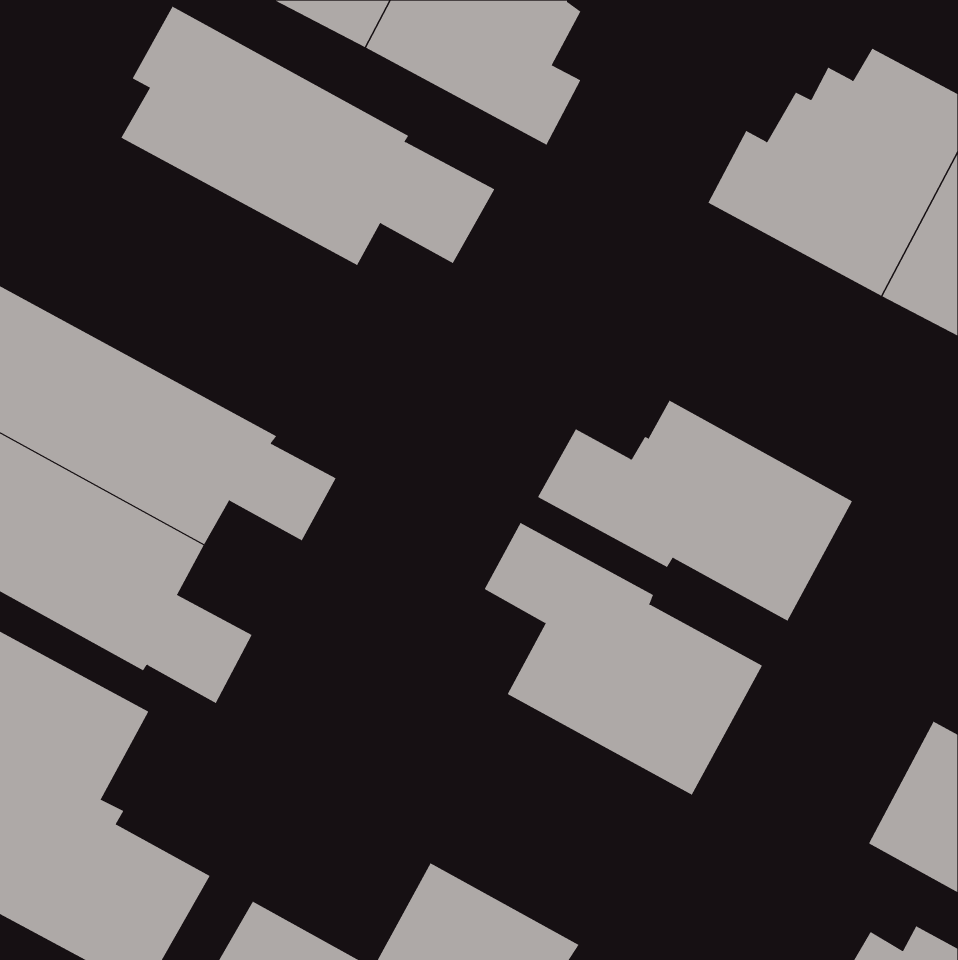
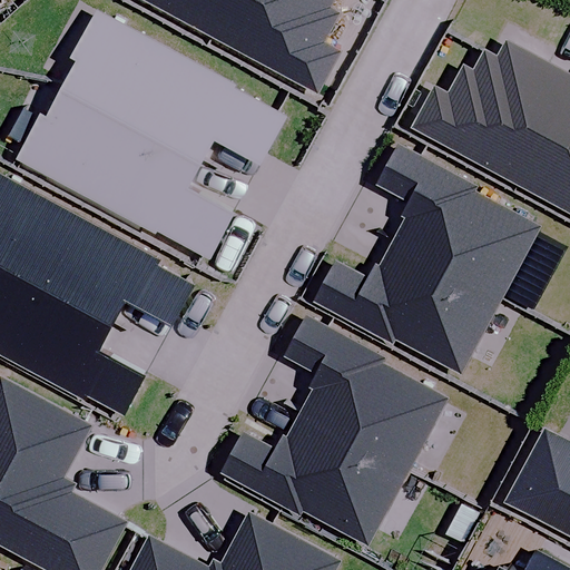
building: none -> [21,90,238,262]
building: none -> [375,142,539,302]
building: none -> [219,414,403,543]

